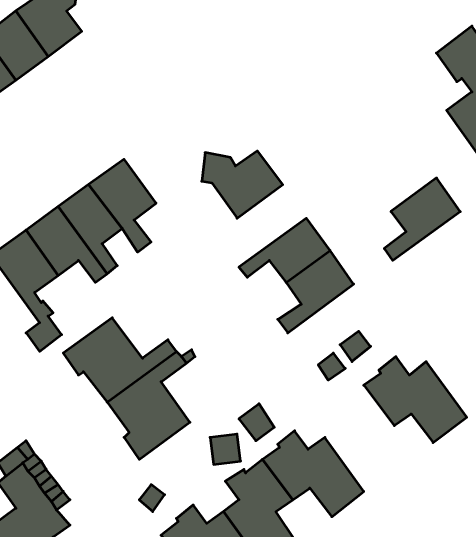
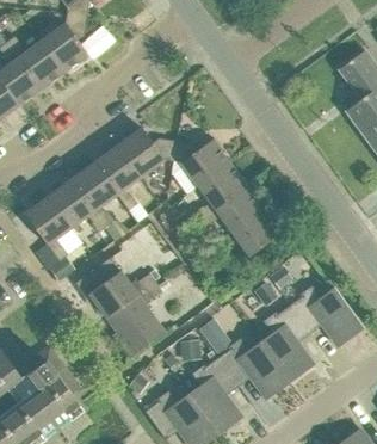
building: none -> [118,128,175,175]
building: [384,178,460,260] -> [193,162,247,221]
building: none -> [260,304,311,380]

